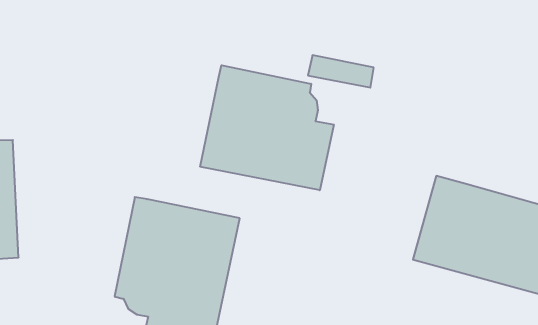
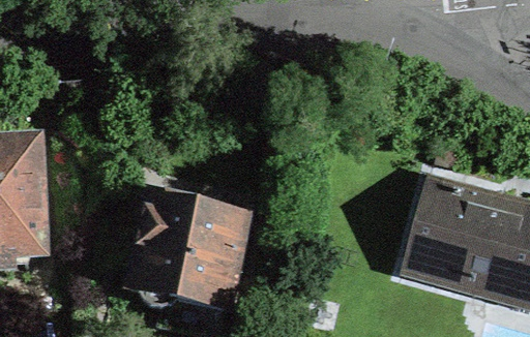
building: [200,65,334,190] -> none

